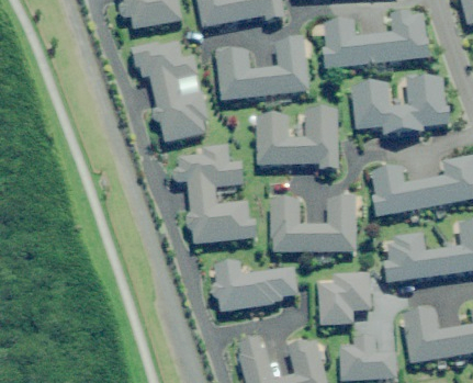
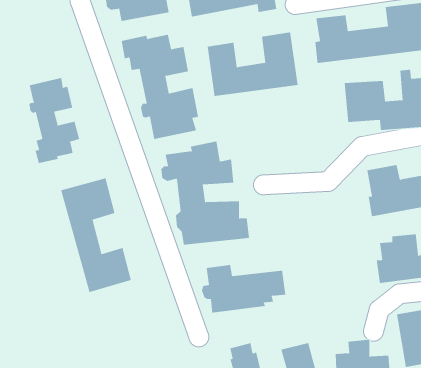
building: none -> [29,77,80,164]
building: [258,110,338,170] -> none
building: none -> [60,177,132,293]
building: [273,200,357,252] -> none
building: [319,272,370,324] -> none

